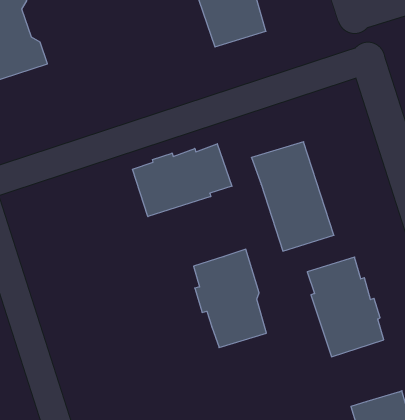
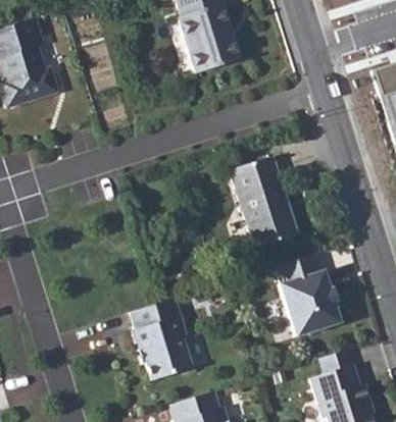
building: [133,144,232,217] -> none
building: [194,249,266,348] -> [133,297,194,379]

